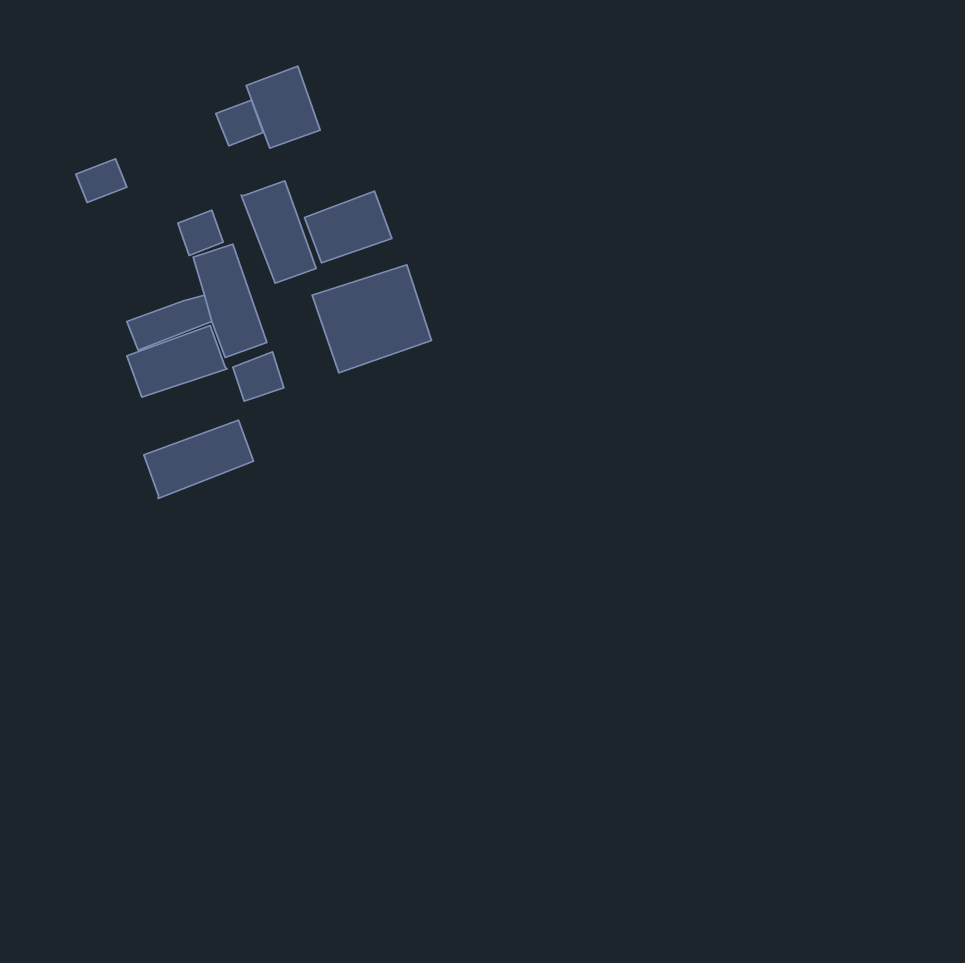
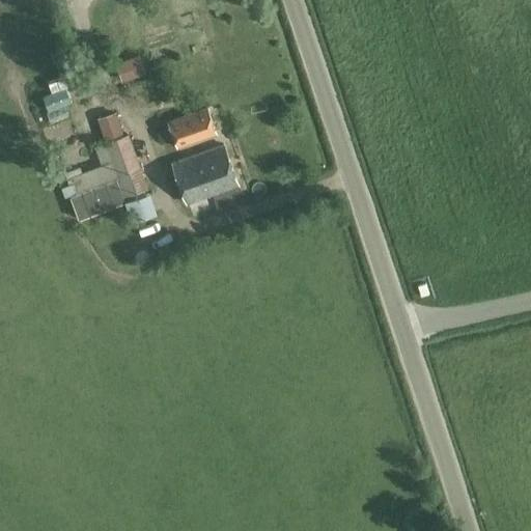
building: [246,66,320,148] -> none
building: [241,181,316,283] -> none
building: [144,420,253,498] -> none

